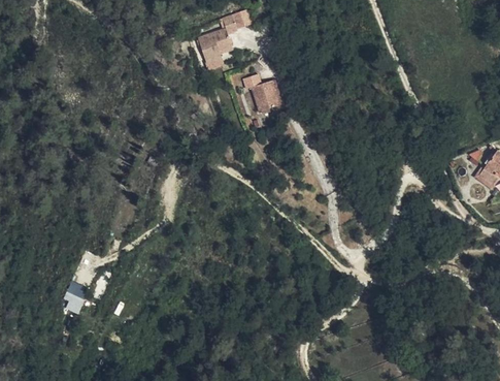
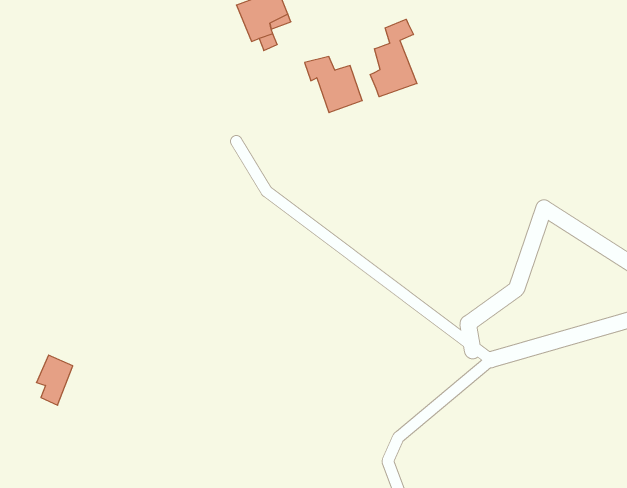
building: none -> [370,19,417,97]

